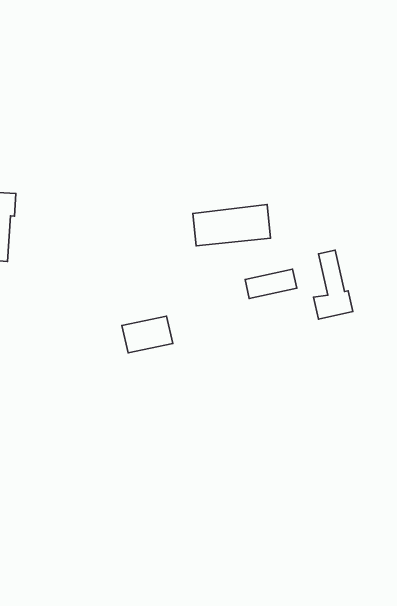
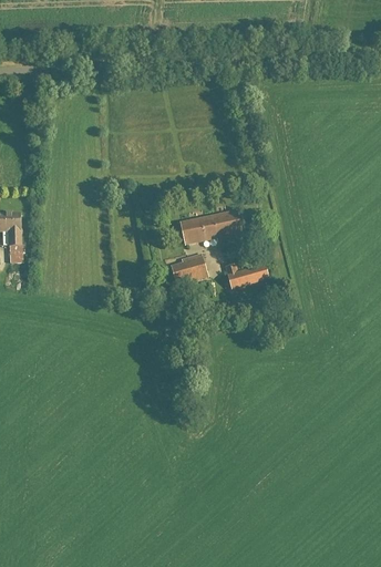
building: [313,250,353,319] -> none
building: [122,316,173,353] -> [165,252,208,285]

